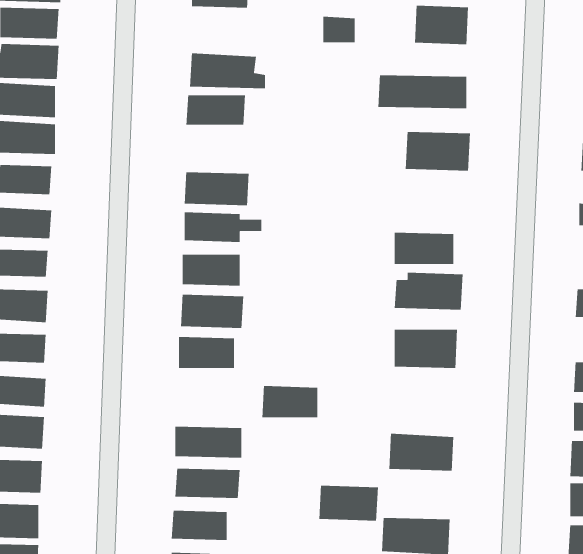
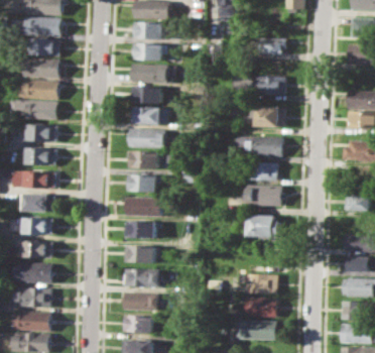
building: none -> [131,43,166,61]
building: none -> [129,107,167,124]
building: none -> [234,135,283,156]
building: [261,385,318,418] -> [124,245,155,263]
building: [318,485,379,521] -> [243,298,276,318]

